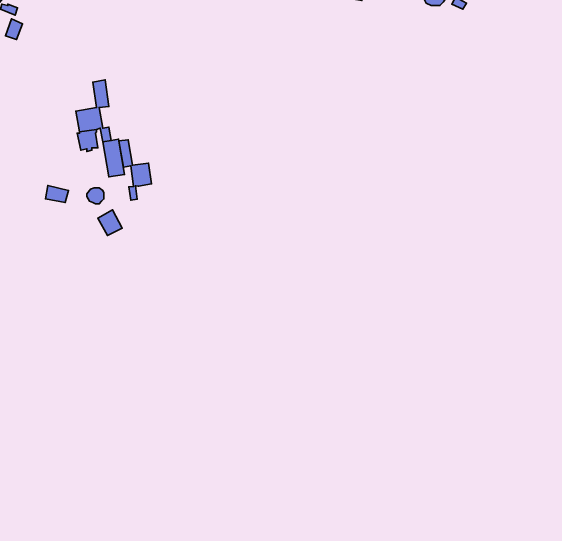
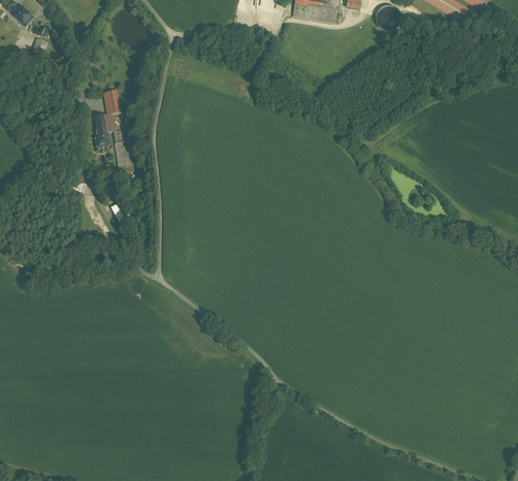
building: [119,140,151,200] -> none

